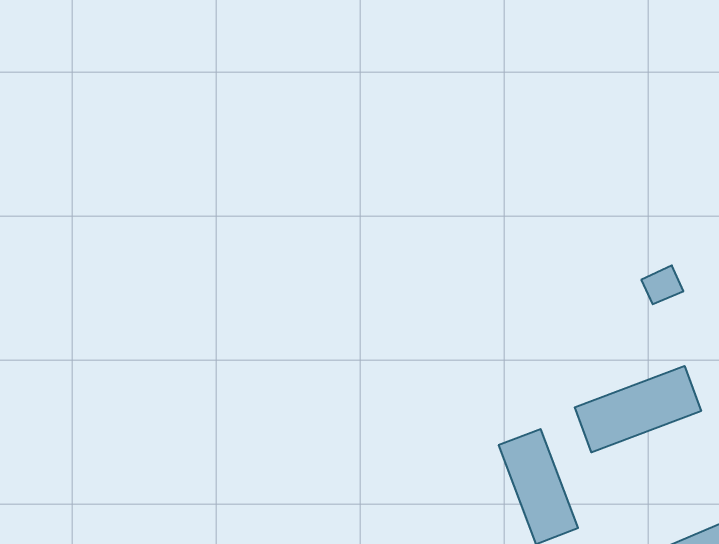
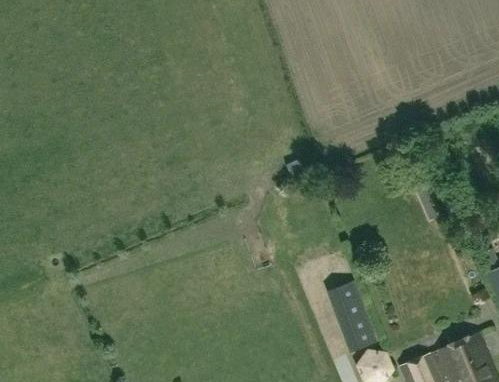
building: [575,366,701,452] -> none

